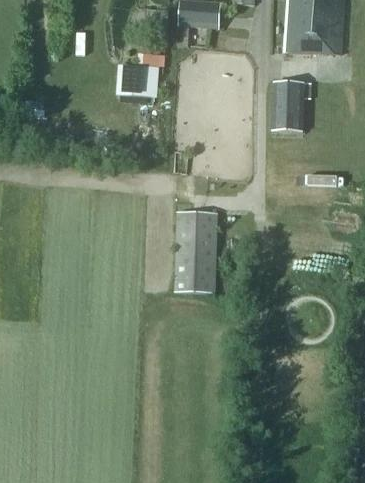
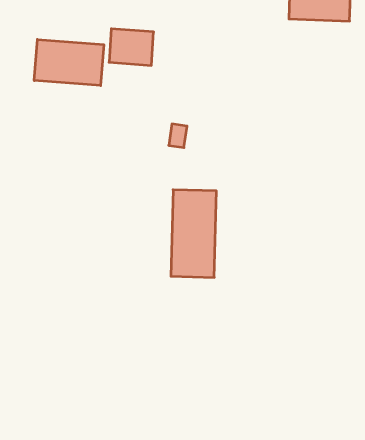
building: none -> [34,39,104,86]
building: [273,80,305,129] -> none

